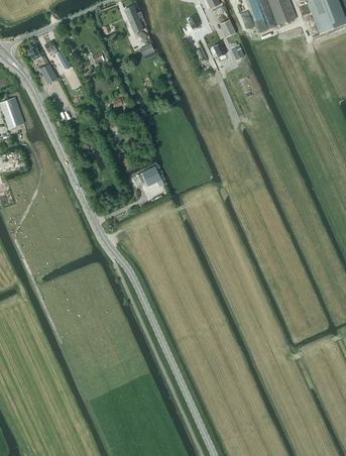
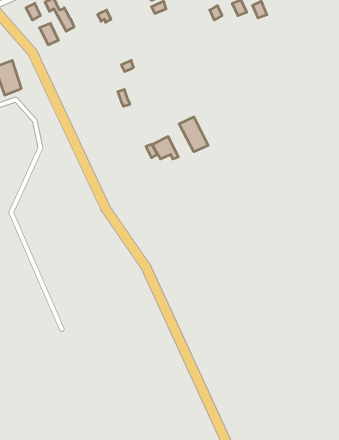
building: none -> [179,117,208,152]

